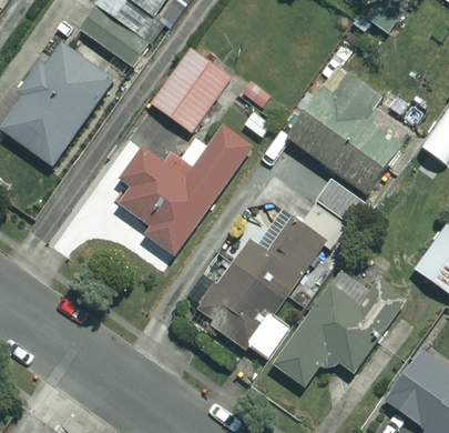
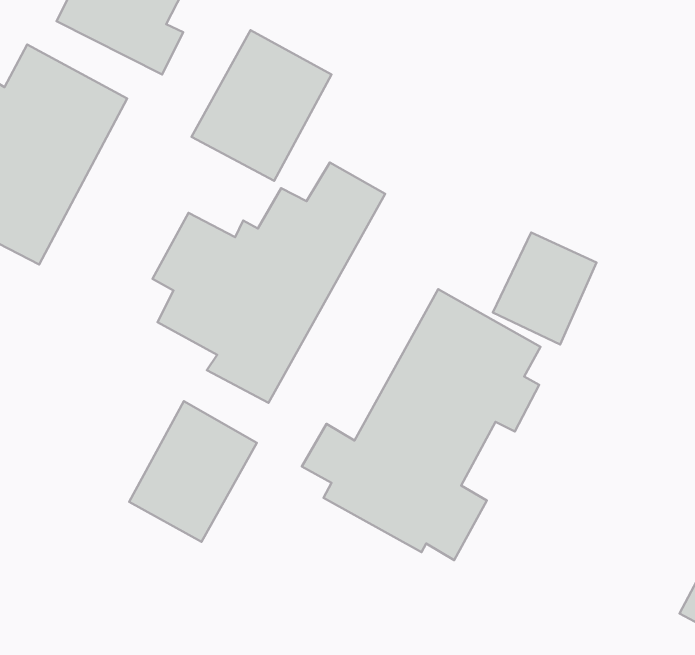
building: [289,67,415,195] -> none
building: none -> [129,401,257,542]
building: [273,268,391,387] -> none

